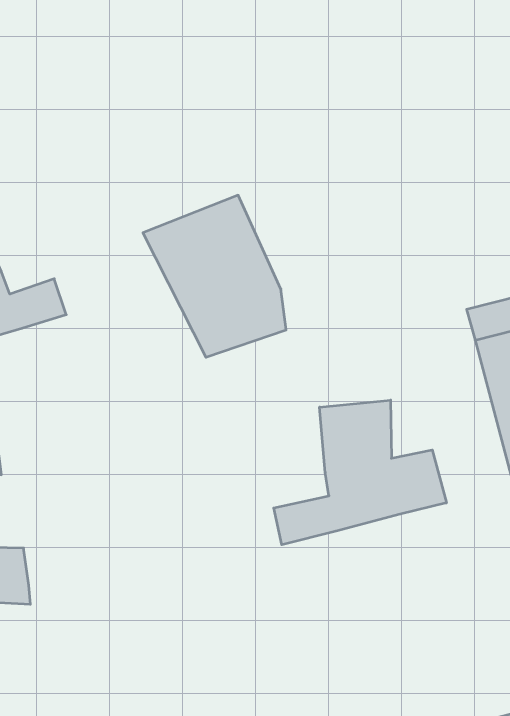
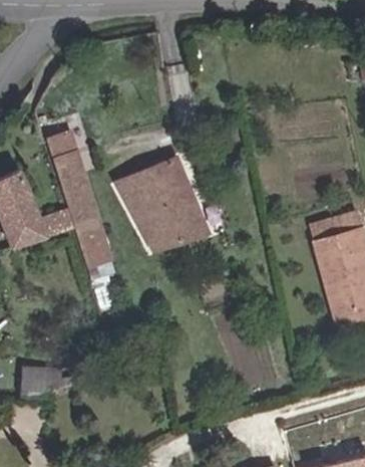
building: none -> [45,131,110,268]
building: [274,400,446,545] -> none

